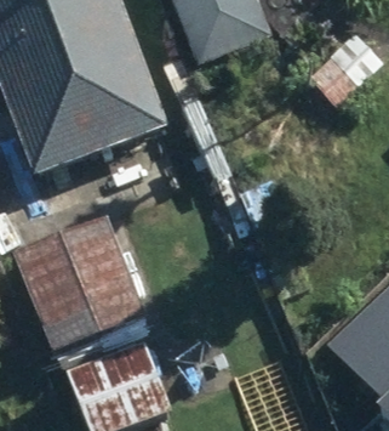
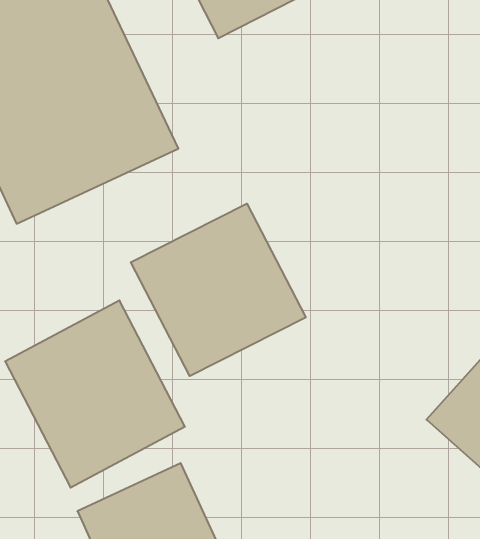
building: none -> [131,204,306,376]

